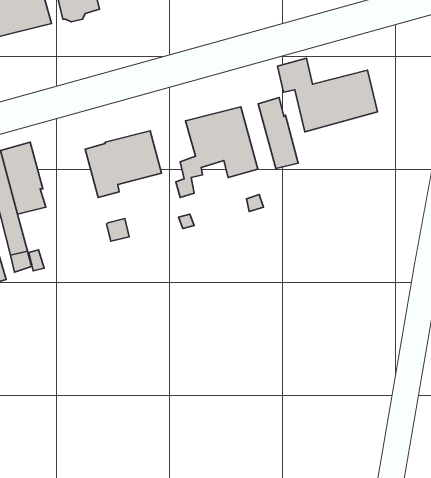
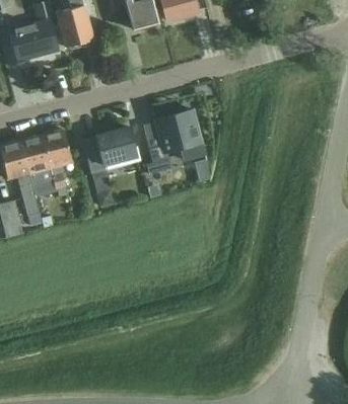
building: [277,58,377,132] -> none
building: [258,97,298,169] -> none
building: none -> [42,129,72,196]

